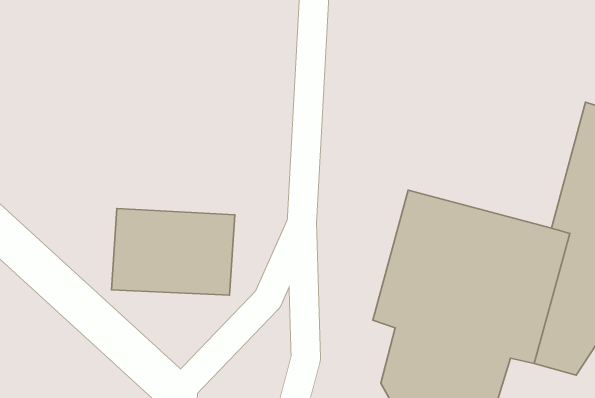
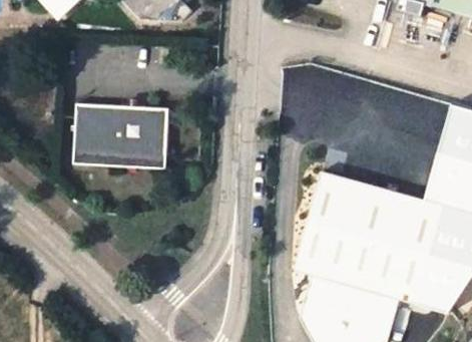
building: [112,208,235,295] -> [65,110,159,177]

